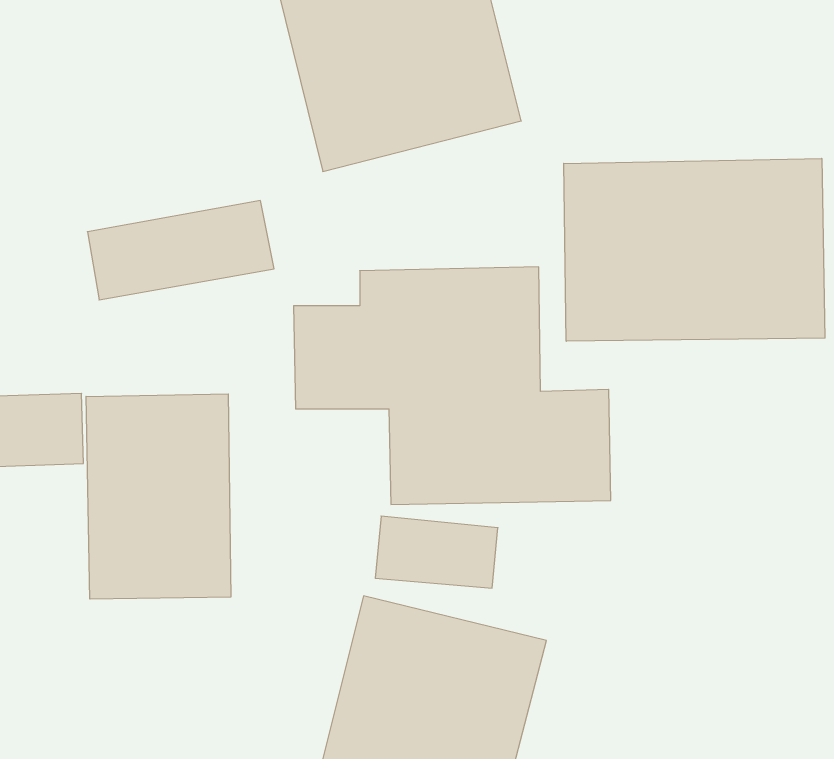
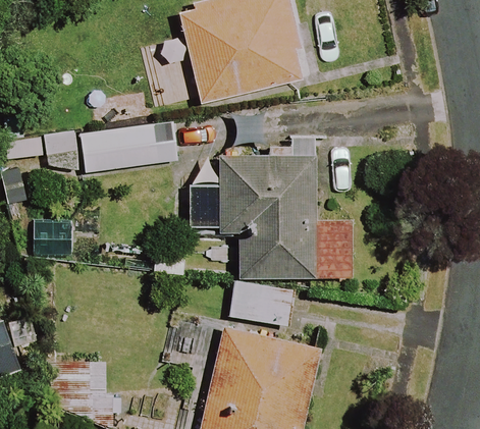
building: [564,158,825,341] -> none
building: [86,394,231,599] -> none

